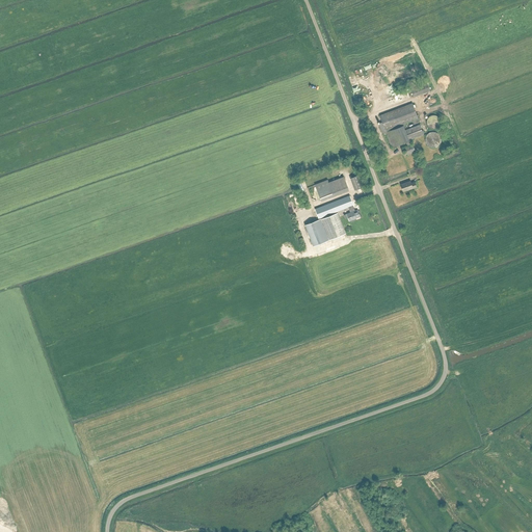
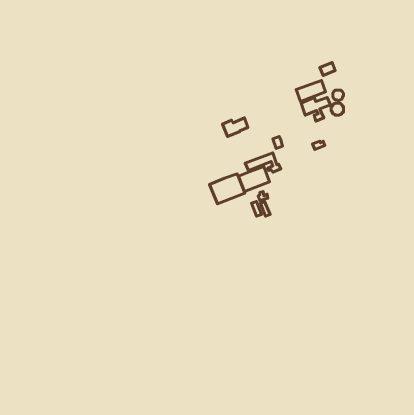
building: [315,177,347,201] -> [223,118,248,136]
building: none -> [210,174,245,204]

